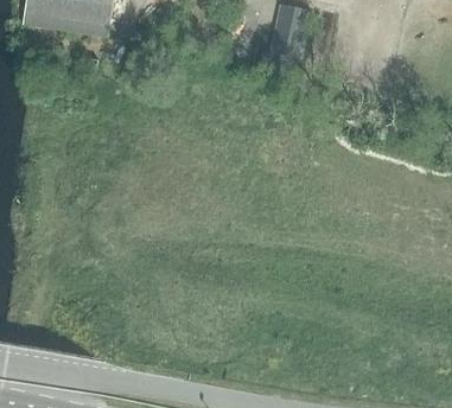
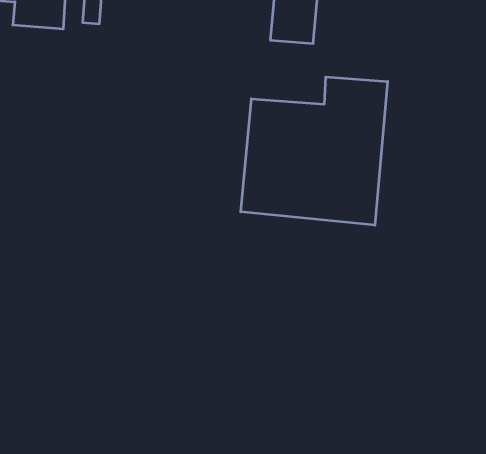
building: none -> [241,77,388,225]

